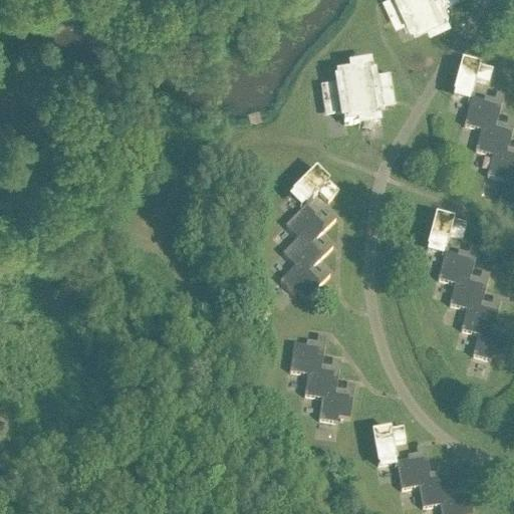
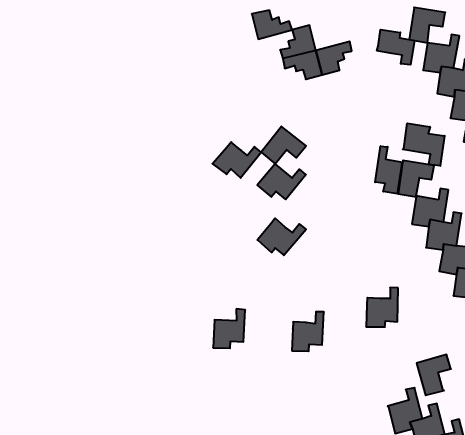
building: [353,64,393,92] -> [252,10,292,39]
building: none -> [377,30,415,65]
building: none -> [403,123,445,166]
building: none -> [375,146,403,194]
building: [282,231,332,268] -> [212,142,261,178]
building: [290,332,326,371] -> [213,309,245,348]
building: [318,380,354,420] -> [366,288,398,327]
building: [371,424,406,463] -> [417,355,451,395]

